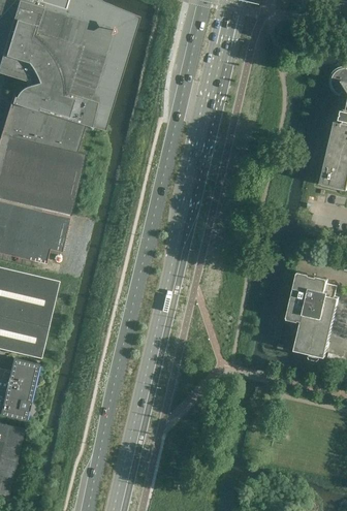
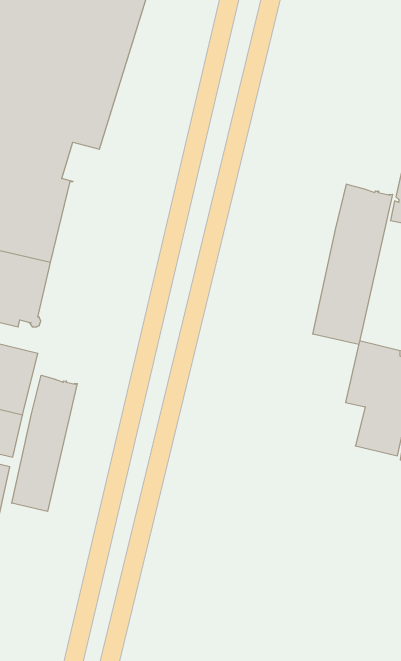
building: none -> [313,184,392,344]
building: none -> [12,375,77,511]

